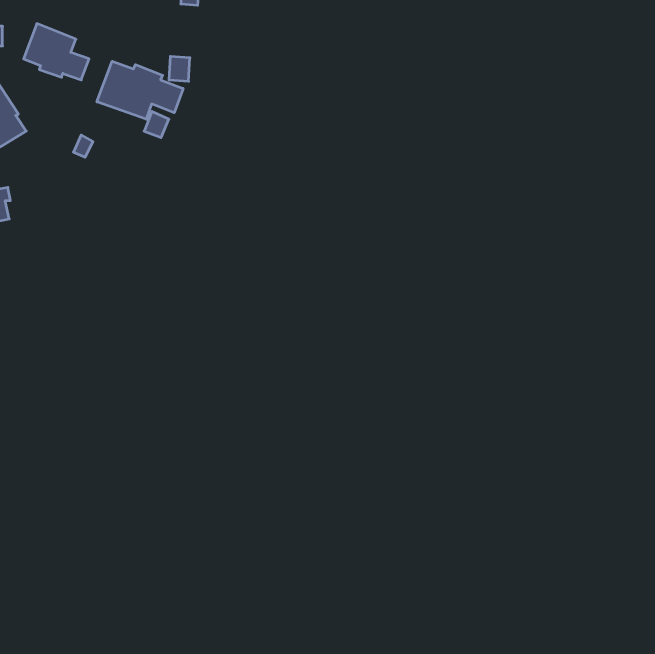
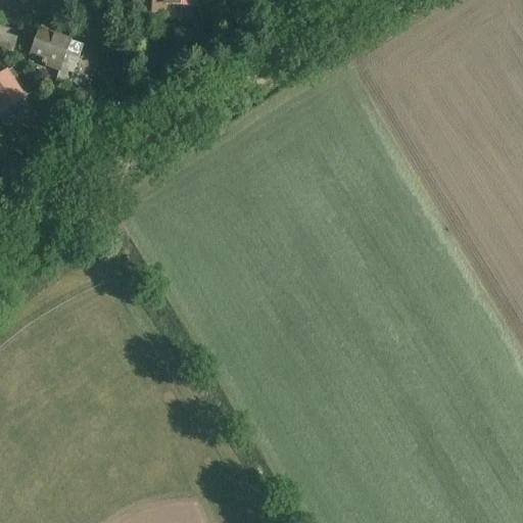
building: [97,61,183,119] -> none

